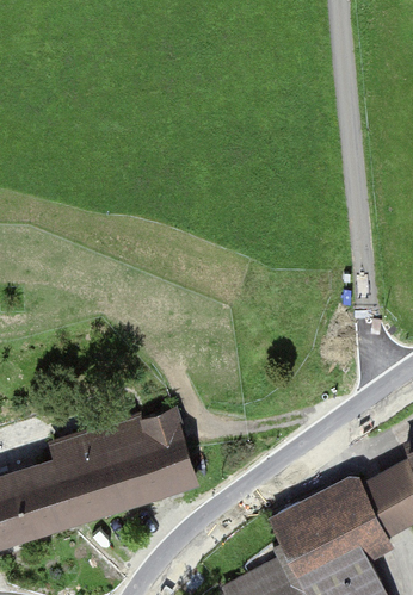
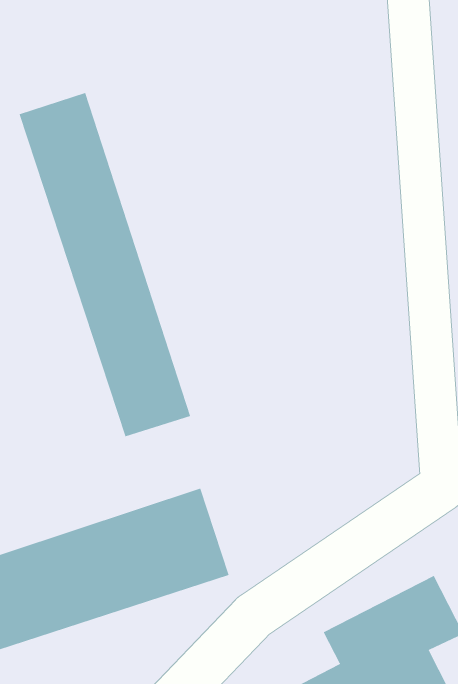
building: none -> [19,92,191,437]

